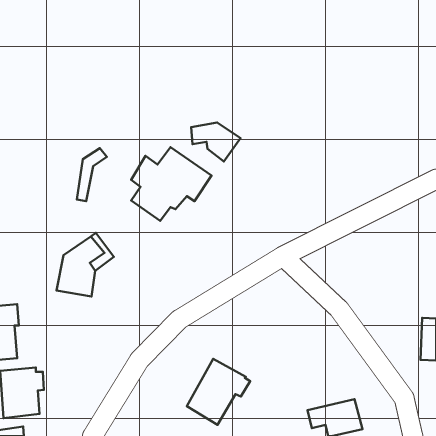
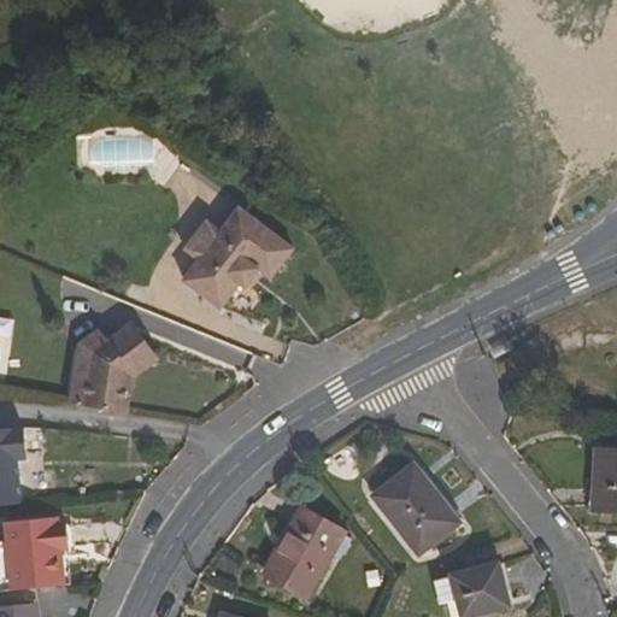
building: [191,122,240,162] -> none
building: [77,148,107,201] -> [66,334,108,409]
building: none -> [372,462,458,552]

